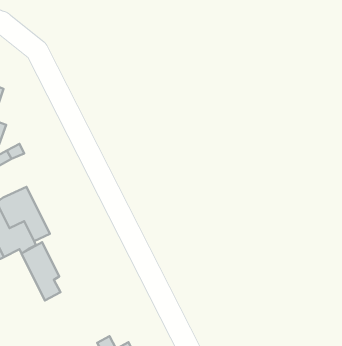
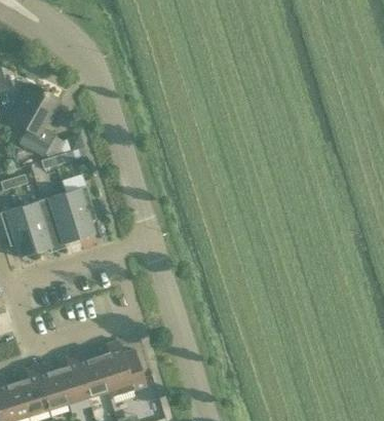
building: [21,242,61,300] -> [66,186,97,239]

